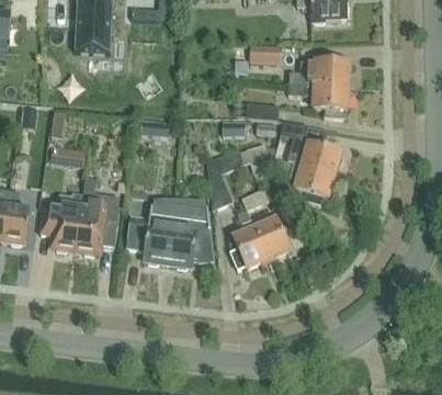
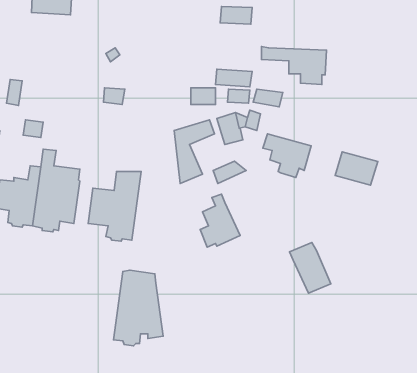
building: [287,60,349,86] -> none
building: [301,144,340,174] -> [335,152,378,185]
building: [167,198,213,268] -> [113,270,163,346]
building: [250,211,288,258] -> [290,242,331,293]

